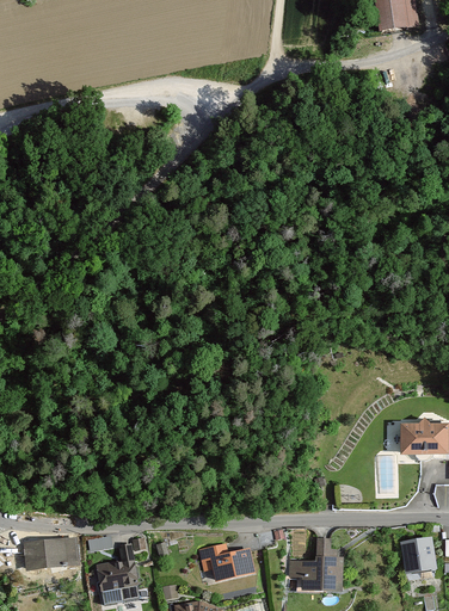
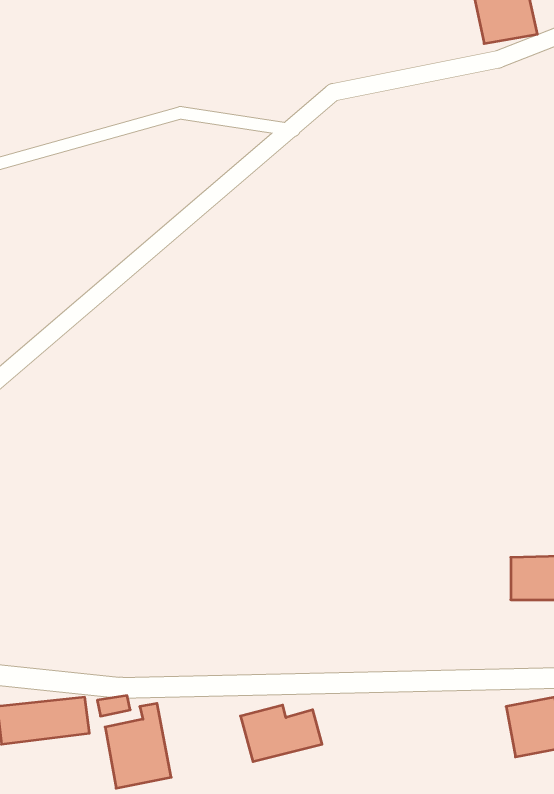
building: [288,536,343,588] -> none

